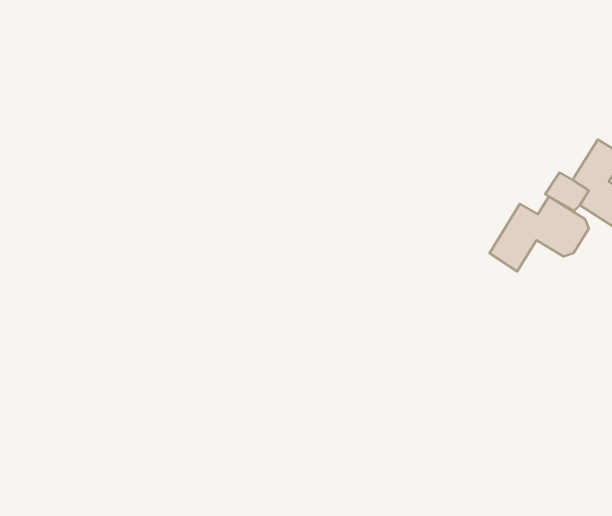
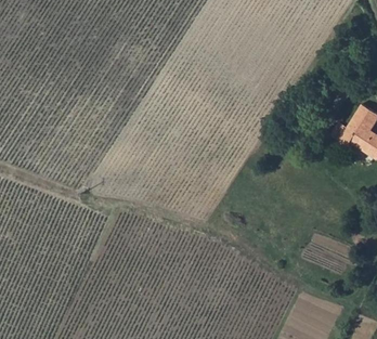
building: [489,196,589,272] -> none

